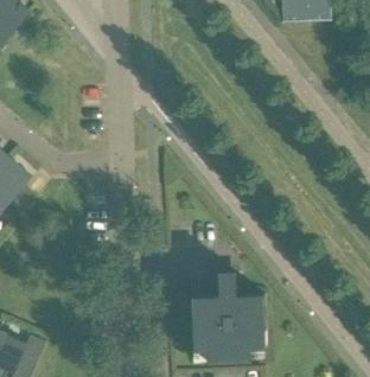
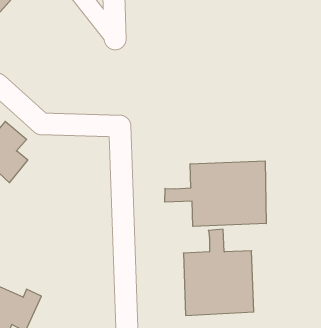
building: none -> [165,161,266,226]

